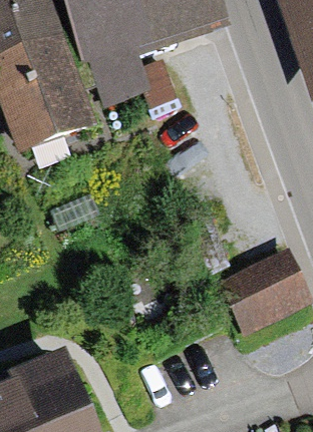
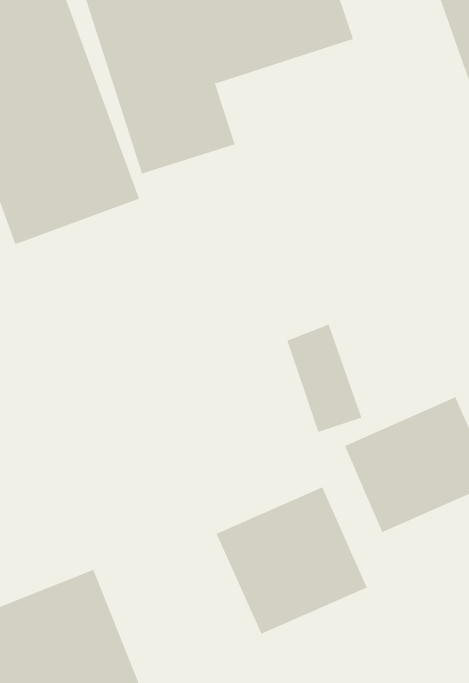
building: none -> [216,487,368,635]

